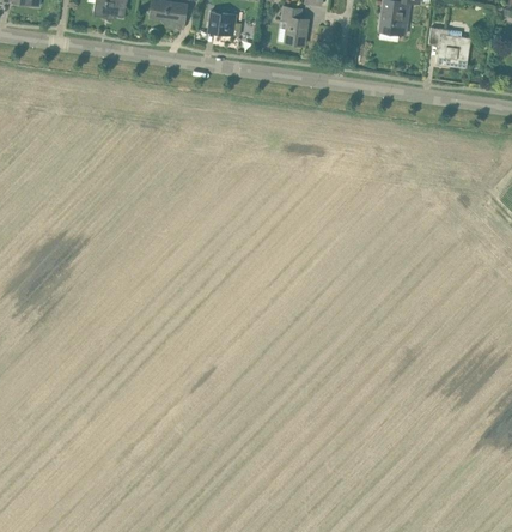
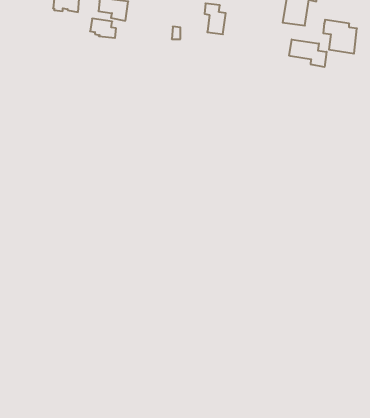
building: [208,11,240,35] -> [90,19,116,38]
building: none -> [289,39,327,67]

